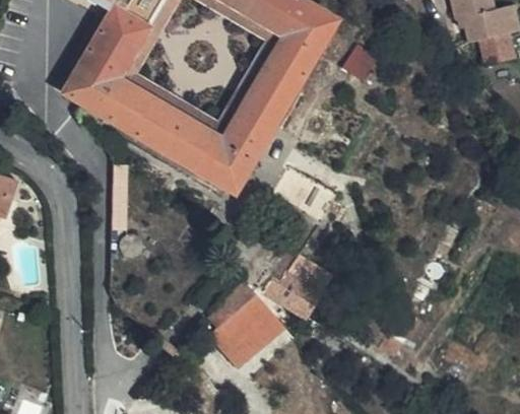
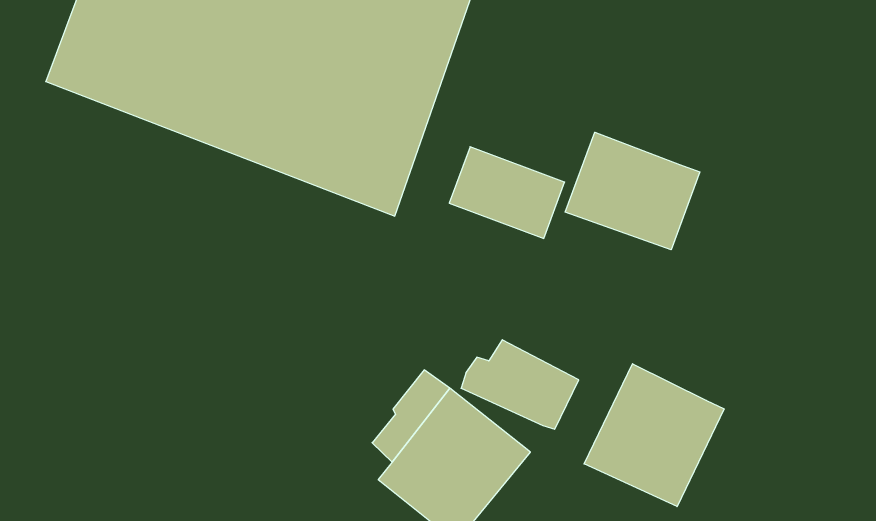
building: none -> [565,132,700,250]
building: none -> [584,364,724,507]

